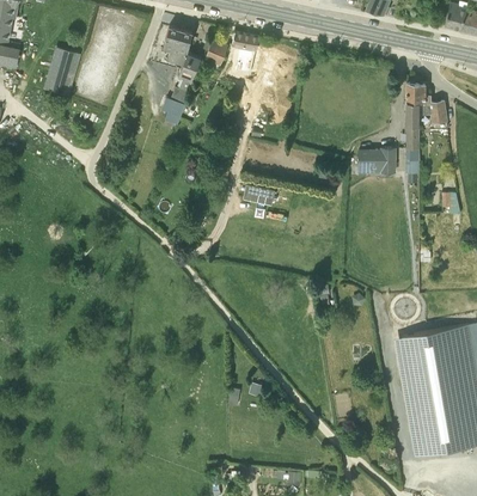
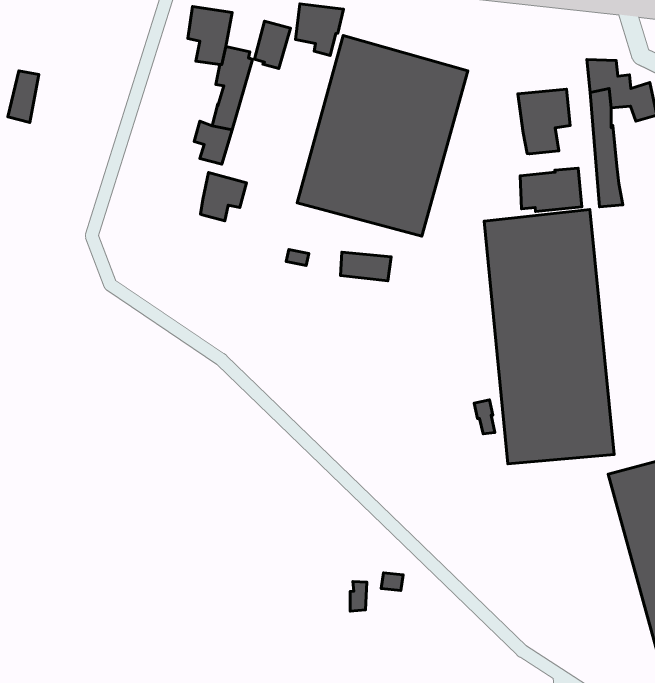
building: none -> [297,36,468,236]
building: none -> [518,89,570,154]
building: none -> [200,173,246,221]
building: none -> [484,210,614,464]

